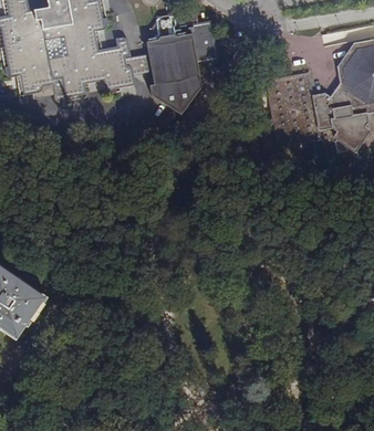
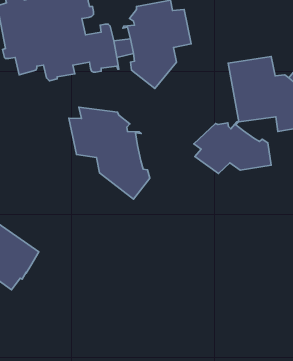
building: none -> [69,107,150,199]
building: none -> [194,122,271,173]

